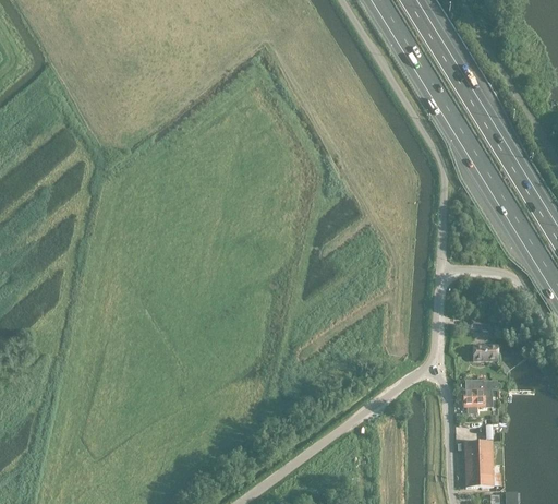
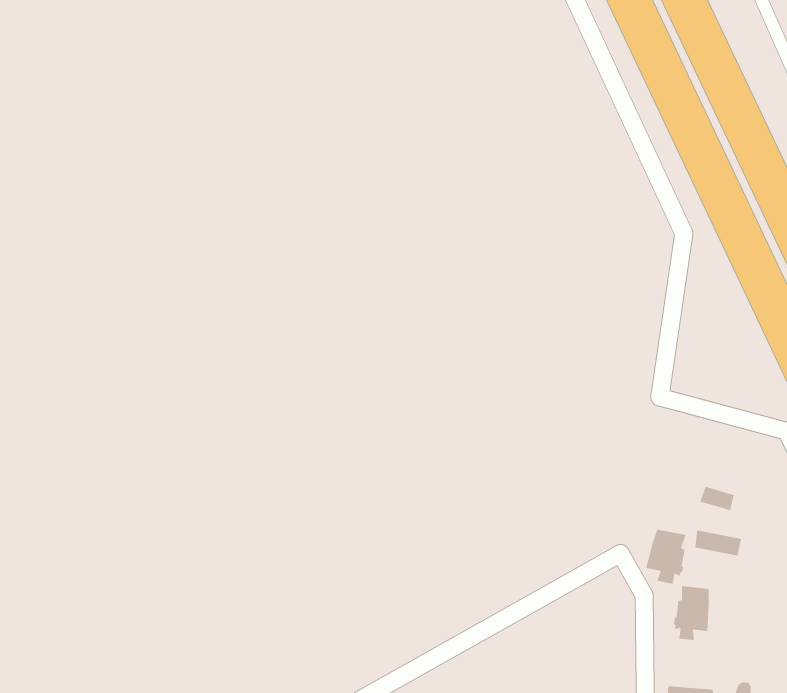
building: none -> [646,529,686,584]

